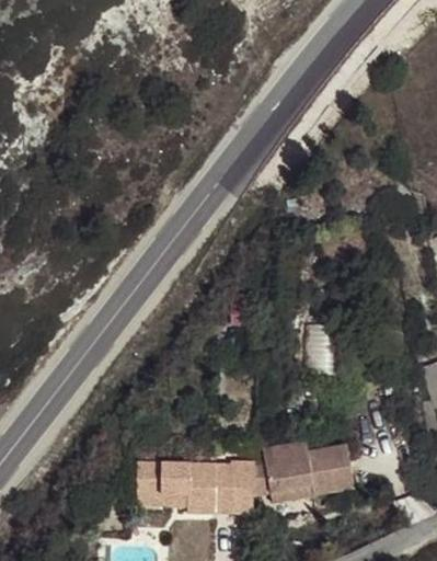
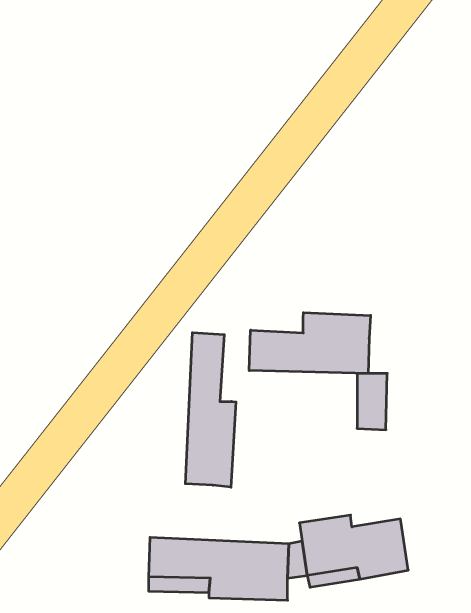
building: none -> [249,313,371,373]
building: none -> [185,333,236,487]

